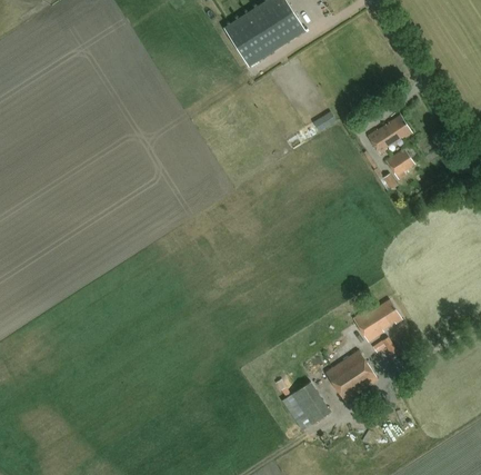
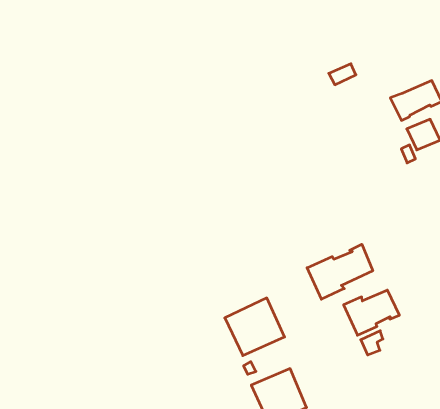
building: none -> [307,244,373,299]
building: [325,350,379,403] -> [225,298,285,356]

